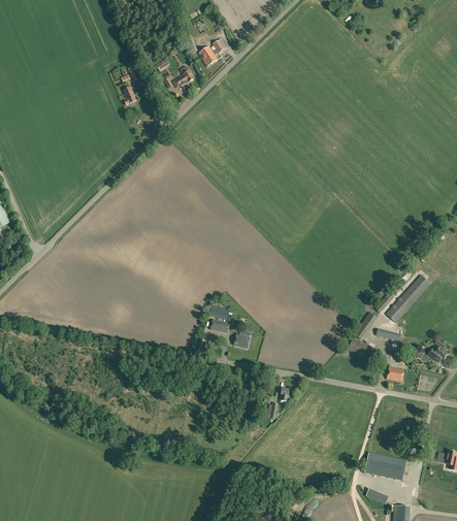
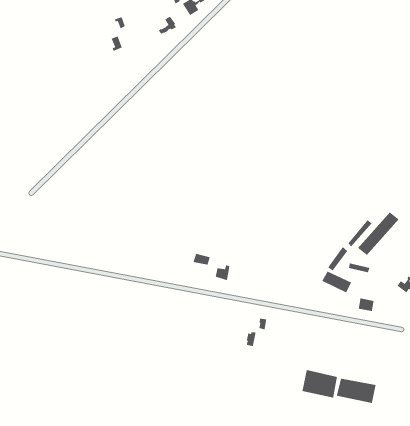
building: none -> [301,369,338,398]

